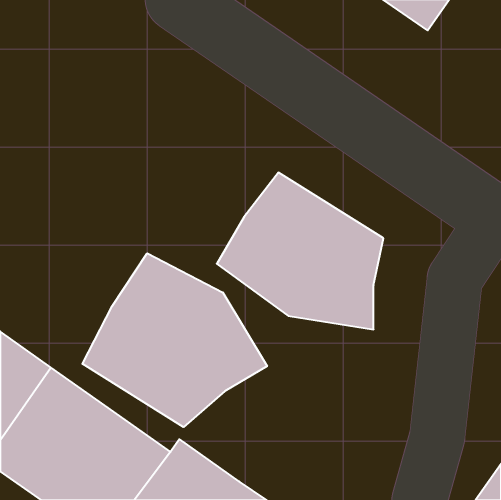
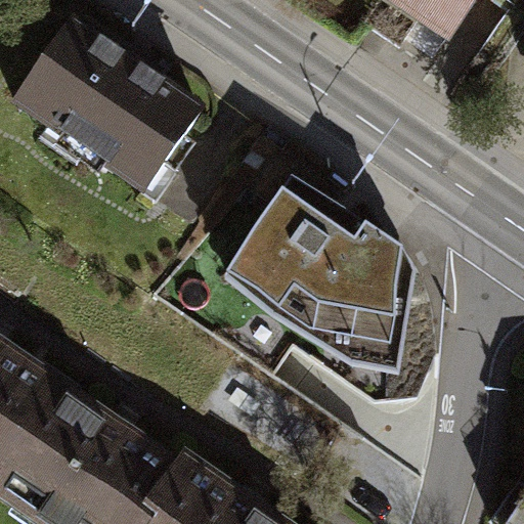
building: none -> [15,25,198,192]
building: [82,253,267,427] -> none

